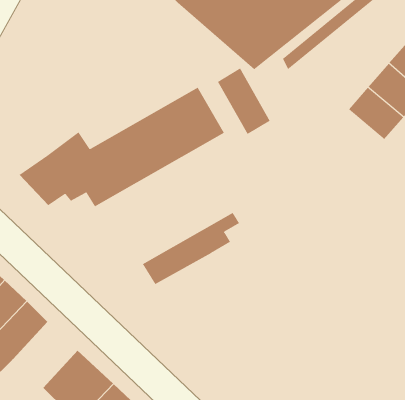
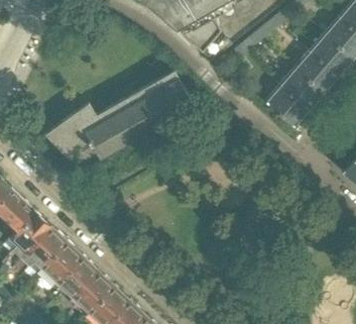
building: [217,68,271,135] -> none
building: none -> [266,86,308,125]
building: [142,212,240,285] -> none
building: none -> [40,239,87,287]

